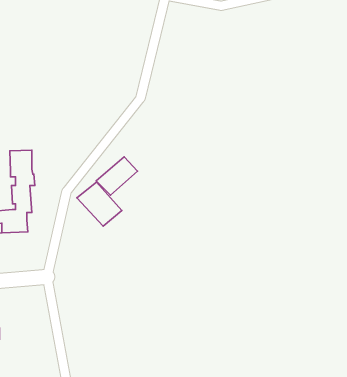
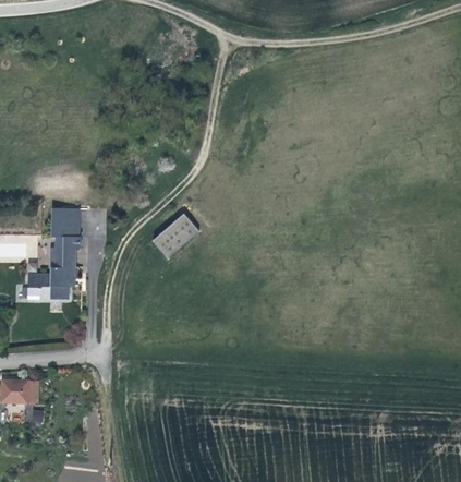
building: [77,182,122,226] -> none

